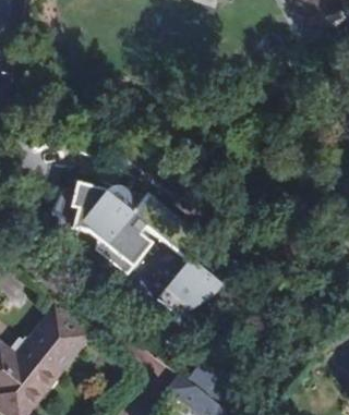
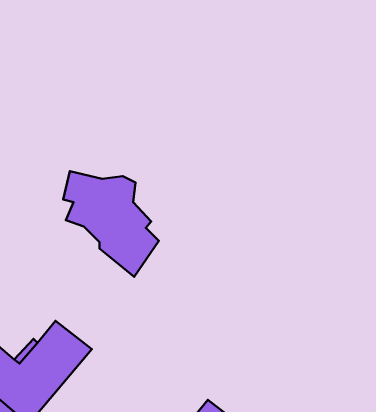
building: [151,263,215,325] -> none

